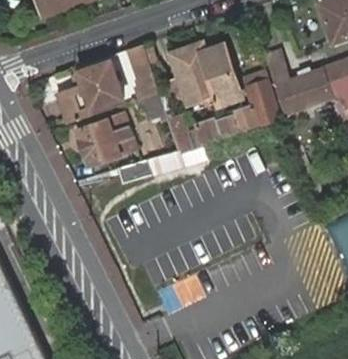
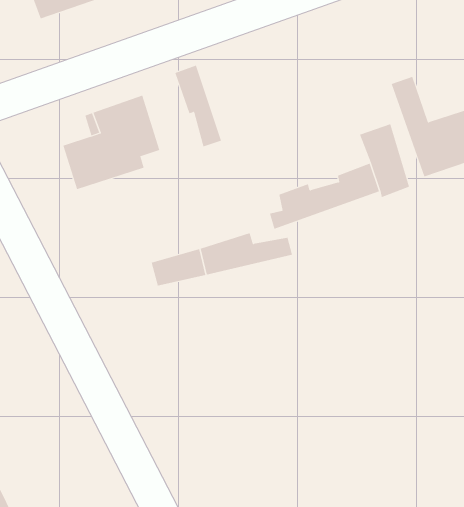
building: [168,43,243,107] -> none
building: [74,119,128,165] -> none

